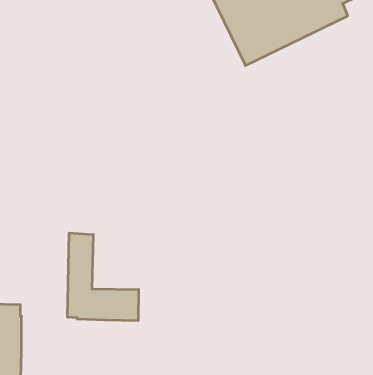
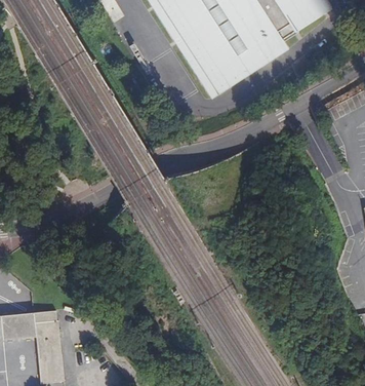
building: [68,233,139,321] -> none

